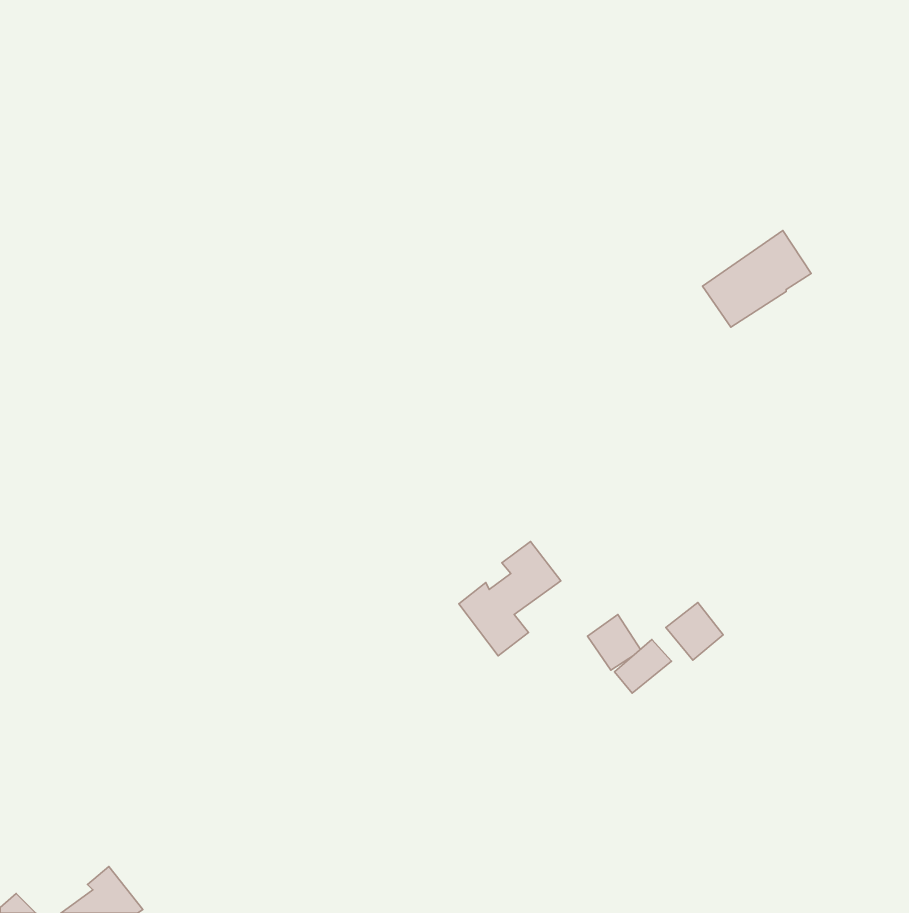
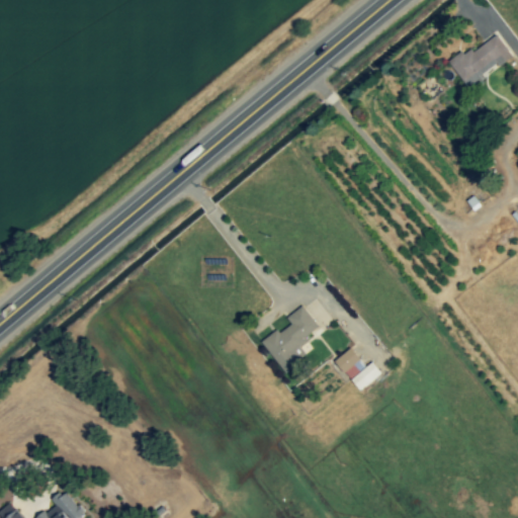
building: [702,231,811,327] -> [451,33,513,88]
building: [666,603,723,660] -> none

